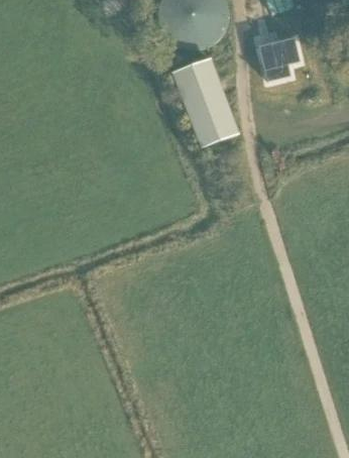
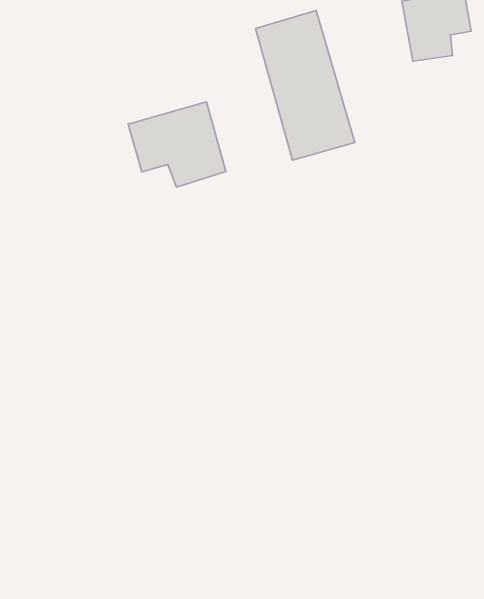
building: none -> [128,102,226,187]

